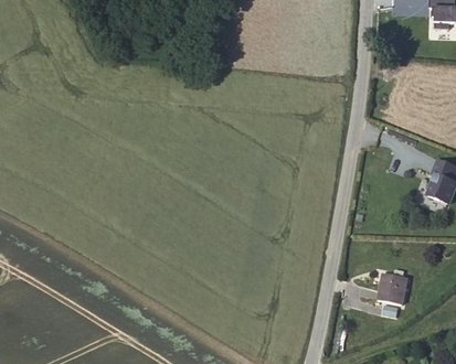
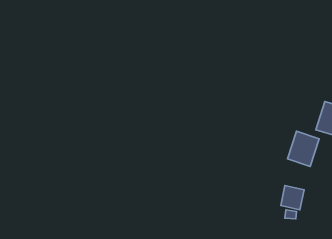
building: none -> [288,131,319,167]

